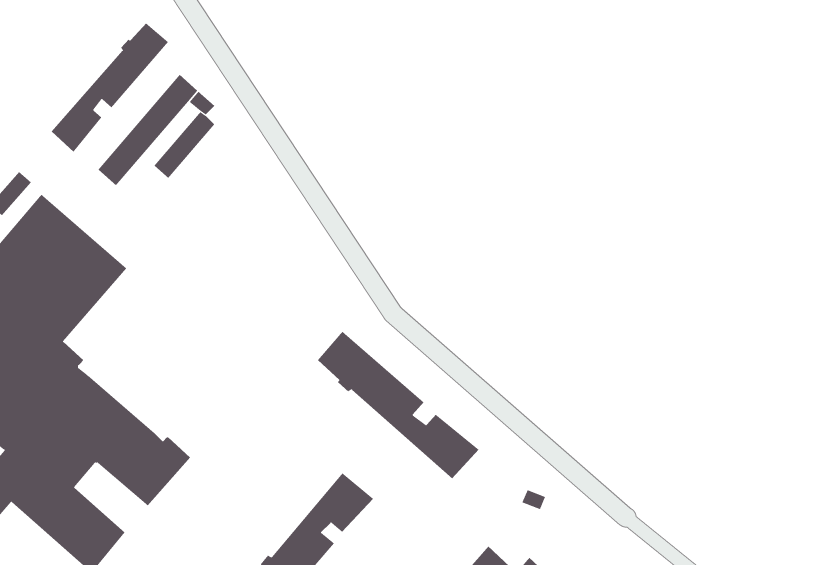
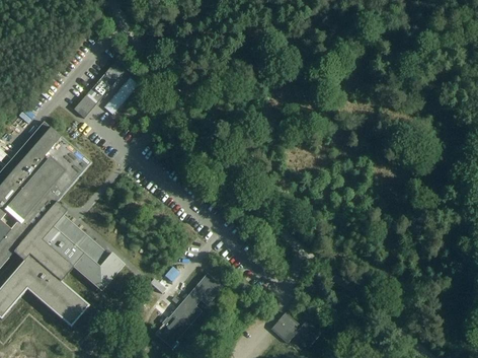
building: [51,23,169,153] -> none
building: [317,331,480,479] -> none

